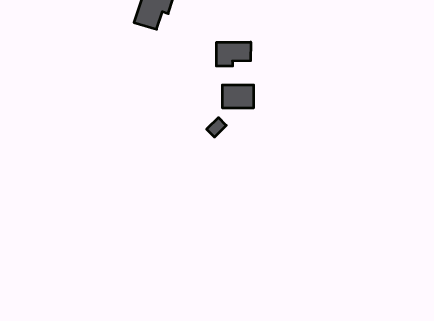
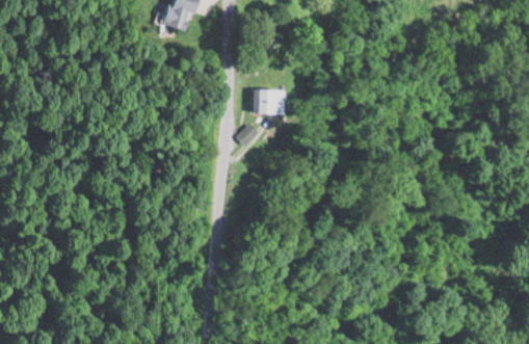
building: [216,42,251,66] -> none

